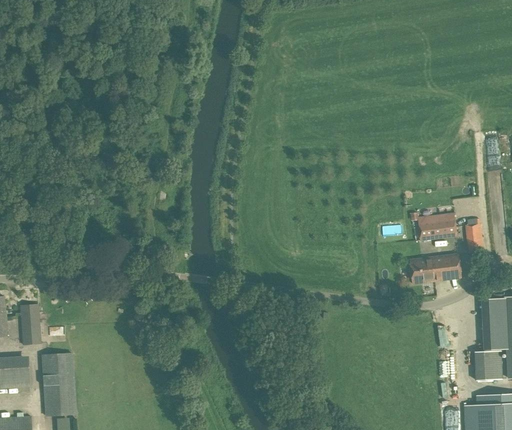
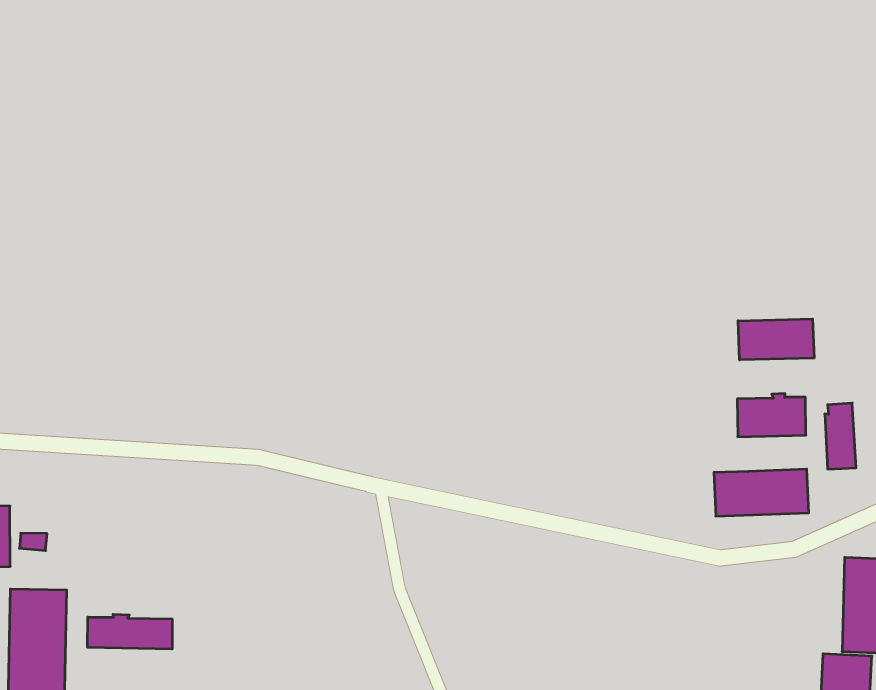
building: none -> [738,319,814,360]
building: none -> [88,614,172,649]

